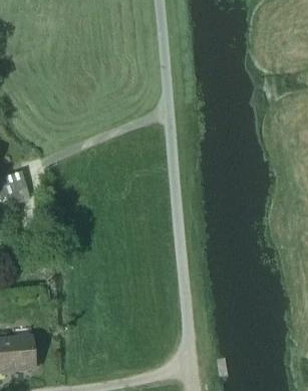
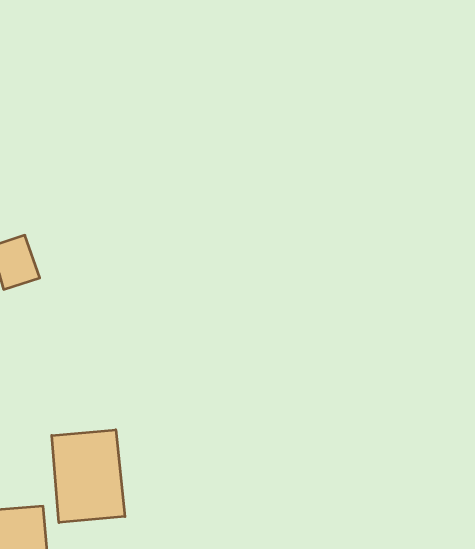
building: none -> [52,430,125,523]

